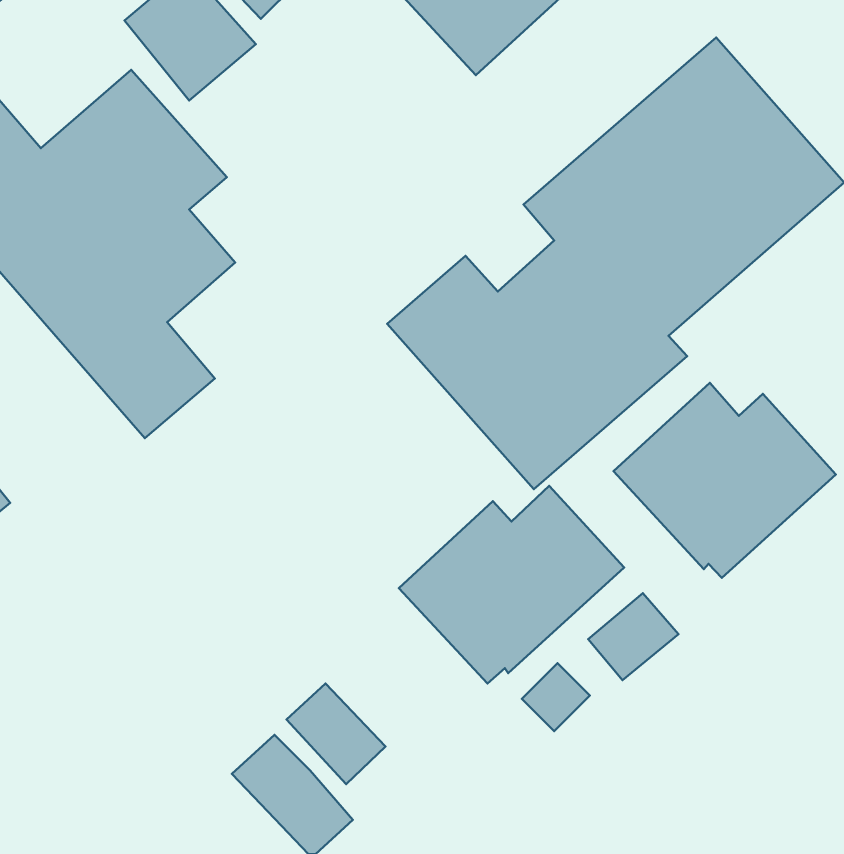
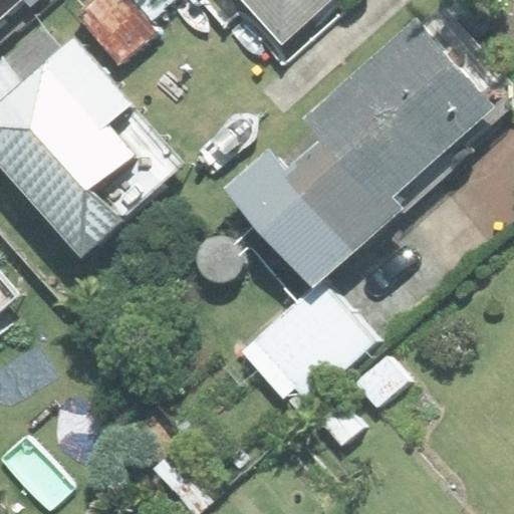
building: [613,383,836,578] -> none

